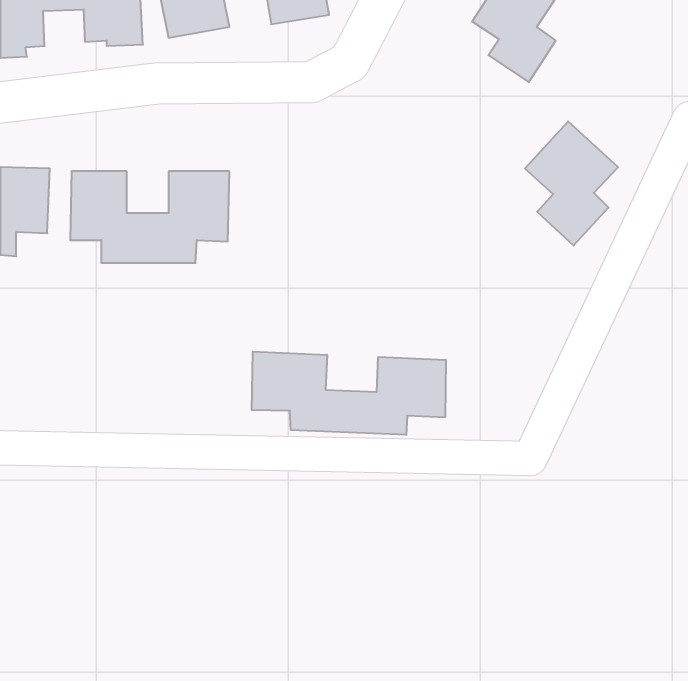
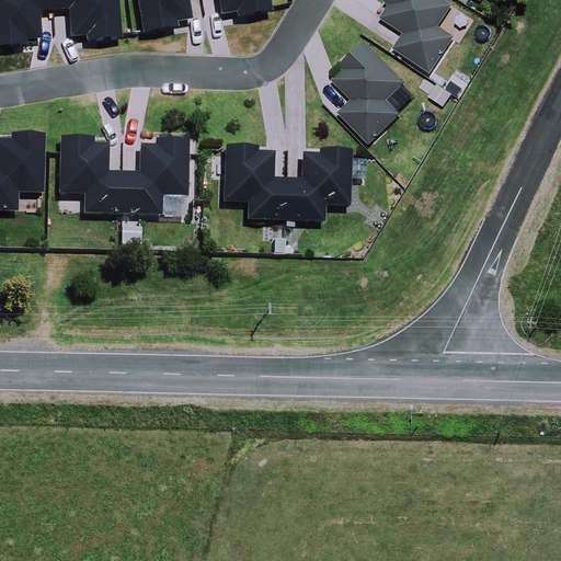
building: [525,121,618,245] -> [331,38,407,139]
building: none -> [224,148,348,222]
building: [252,352,446,435] -> none

